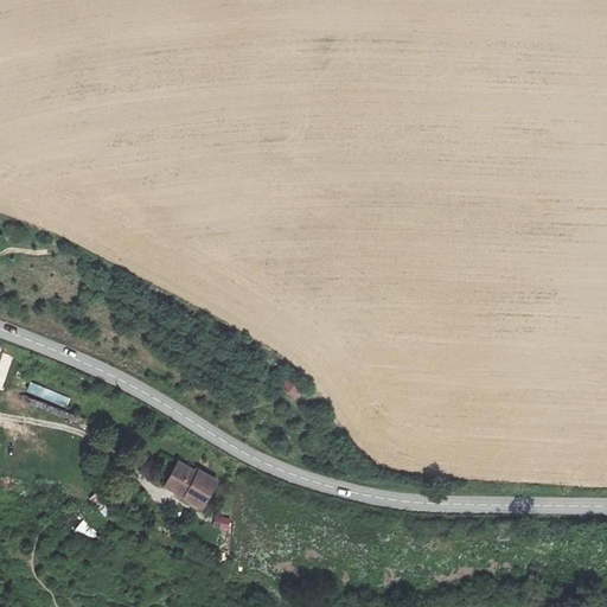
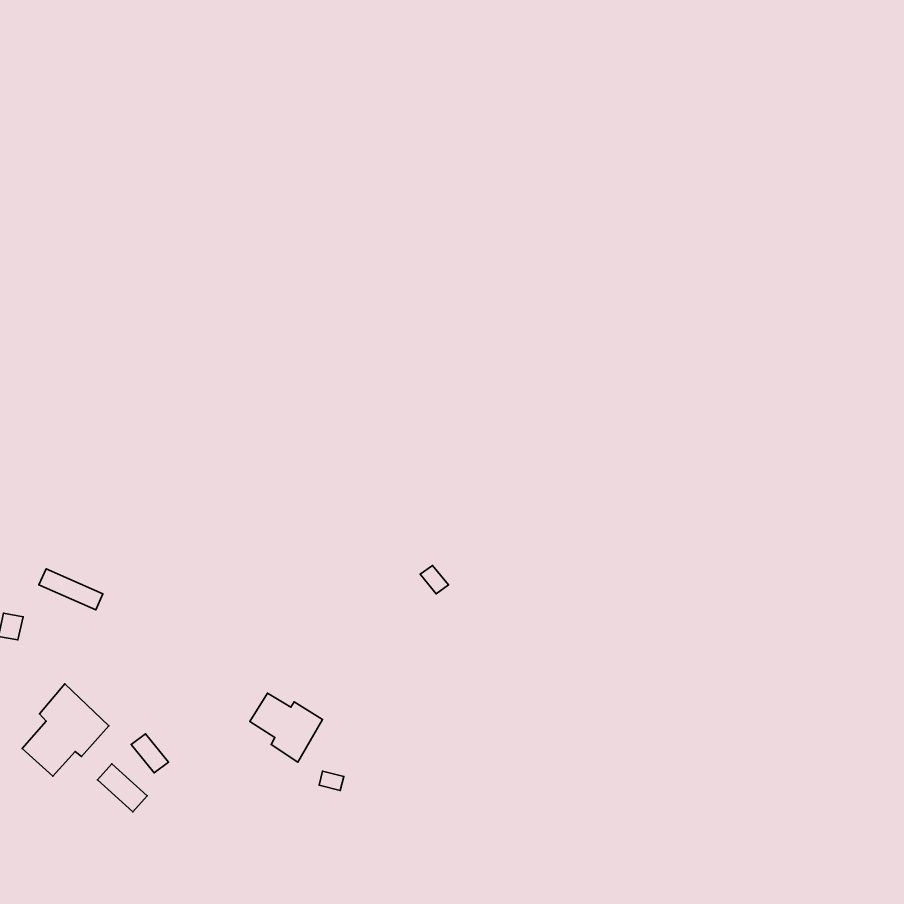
building: none -> [22,684,109,776]

